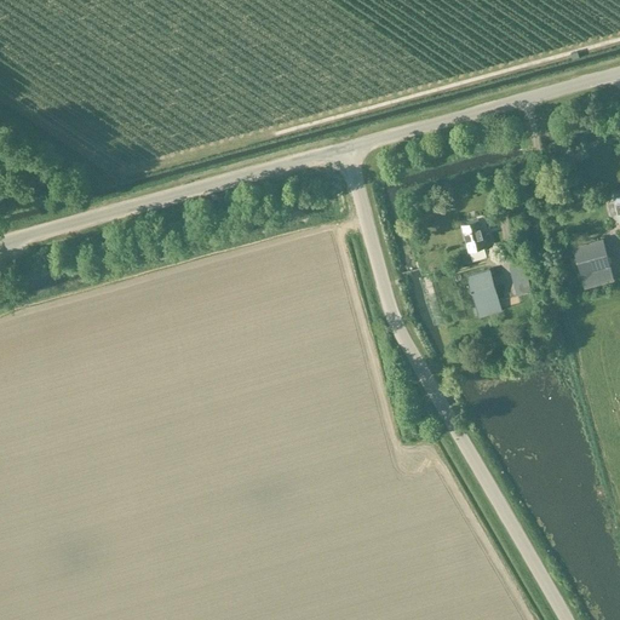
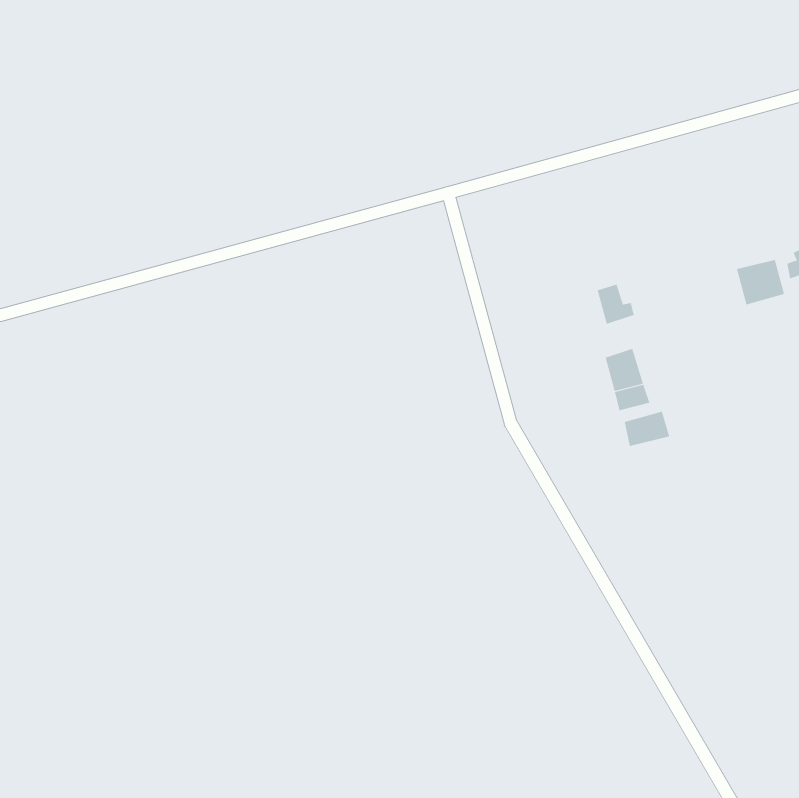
building: [574,241,612,276] -> [736,260,785,305]
building: none -> [624,411,670,447]

